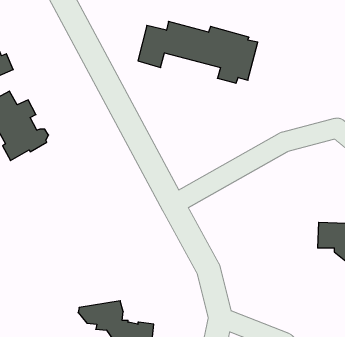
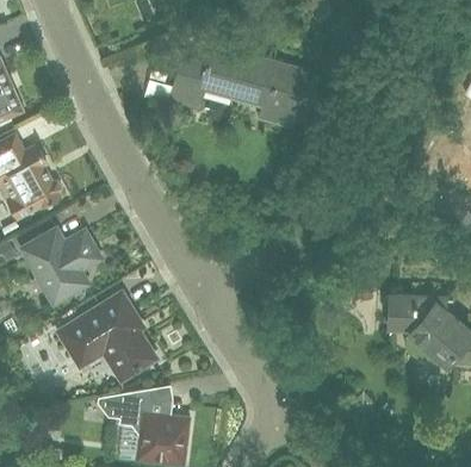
building: none -> [23,230,100,303]
building: none -> [60,294,154,378]

